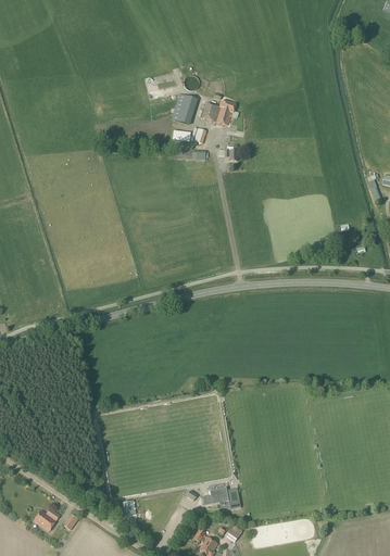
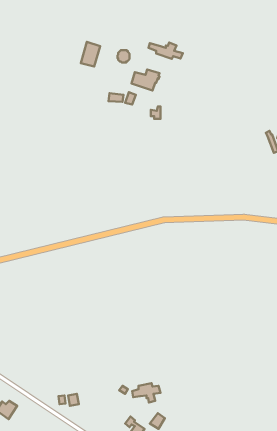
building: none -> [149,43,183,59]
building: [172,93,196,124] -> [81,42,100,67]

